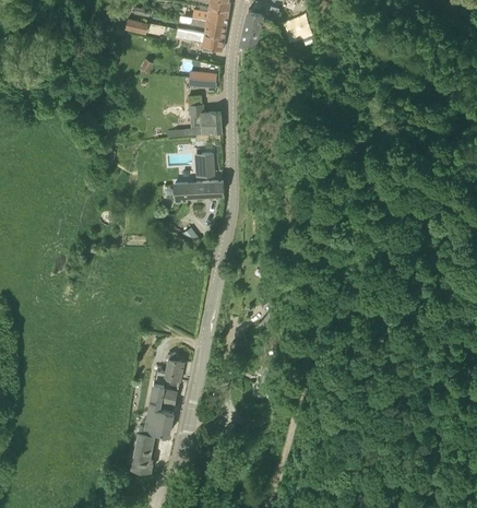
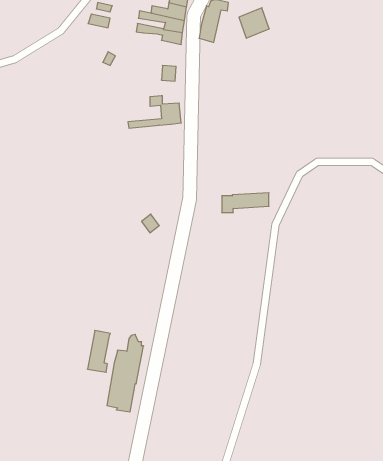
building: [194,152,215,177] -> none
building: [175,180,224,201] -> [222,193,269,213]
building: [132,426,156,470] -> [87,330,110,372]

